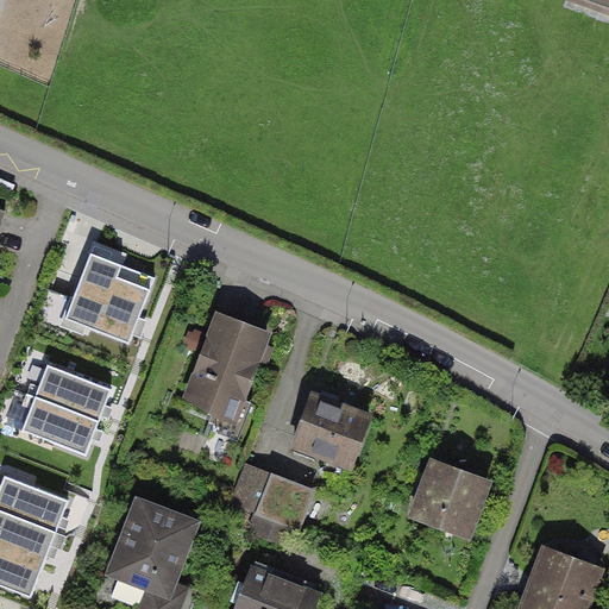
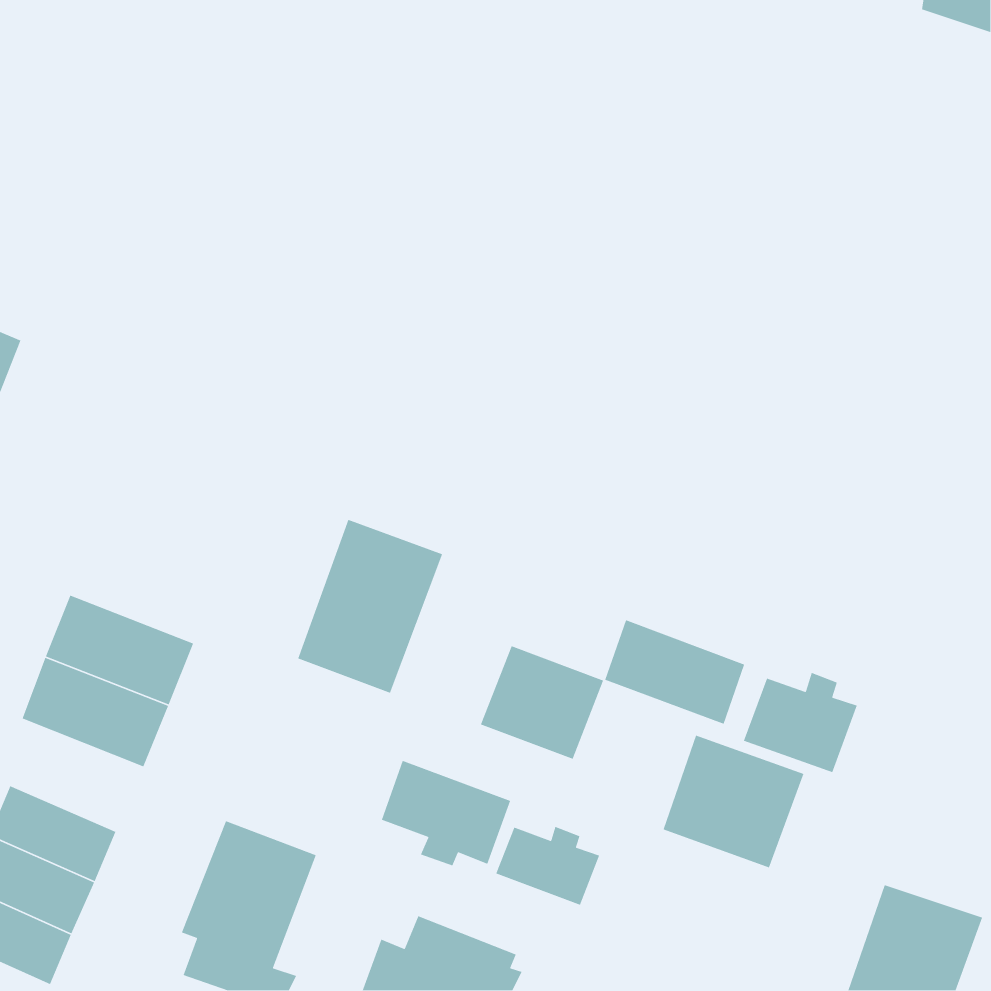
building: [61,250,158,347] -> none
building: none -> [604,619,745,725]
building: none -> [743,672,858,773]
building: none -> [495,826,600,906]

